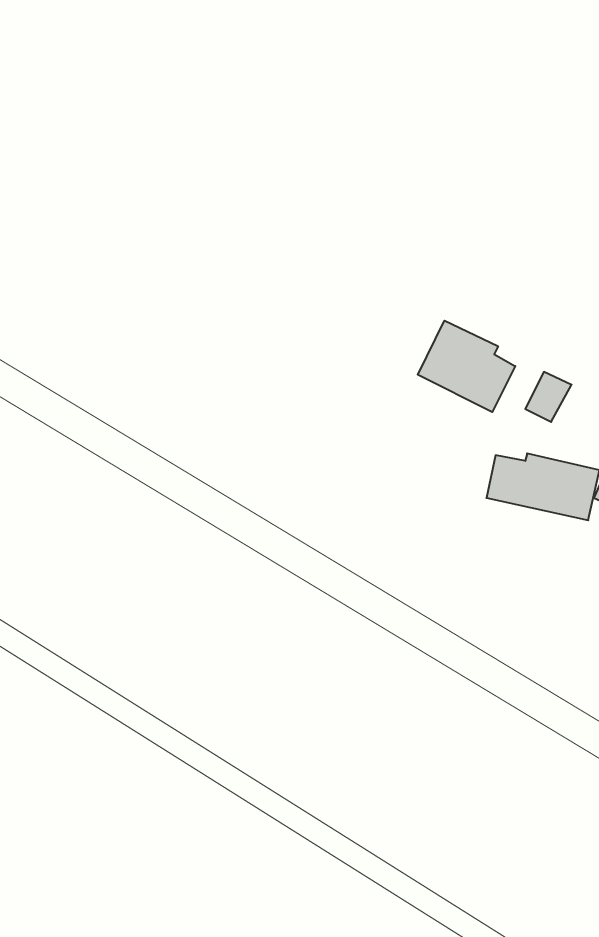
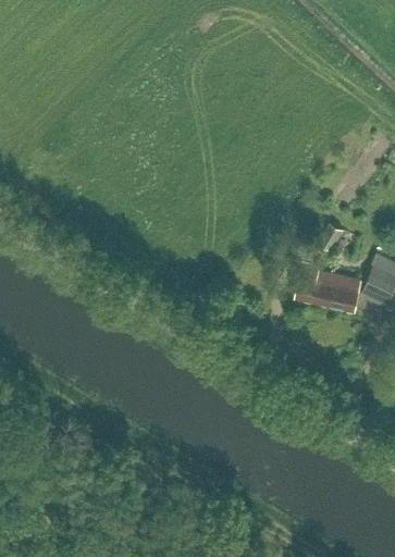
building: [418,321,515,412] -> none

